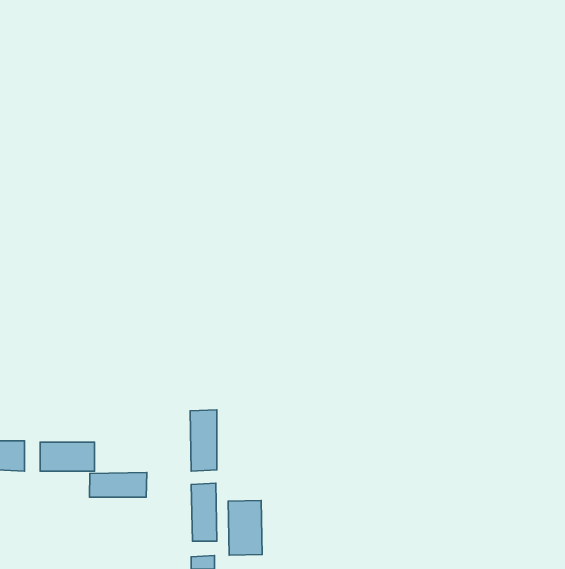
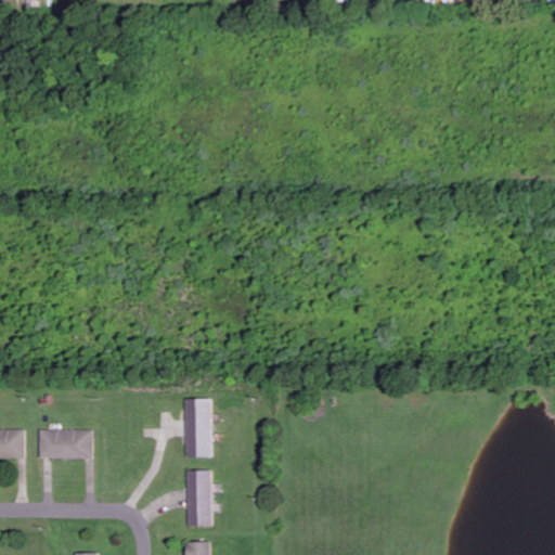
building: [89,472,147,497] -> none
building: [228,500,262,555] -> none

